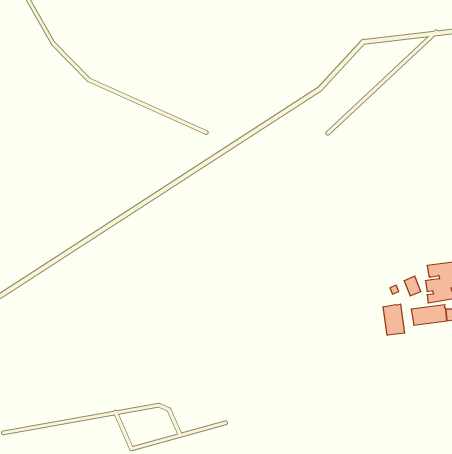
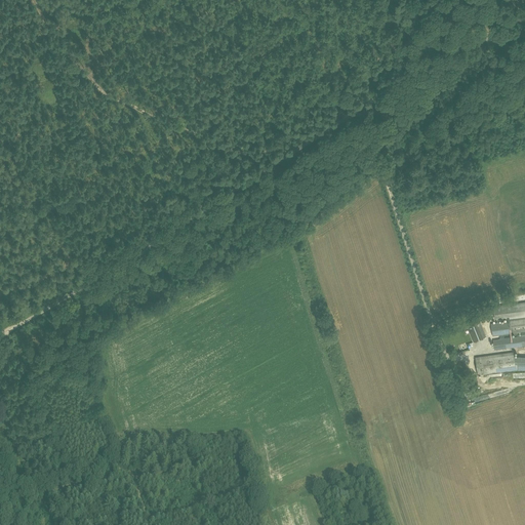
building: [383,304,405,335] -> none

